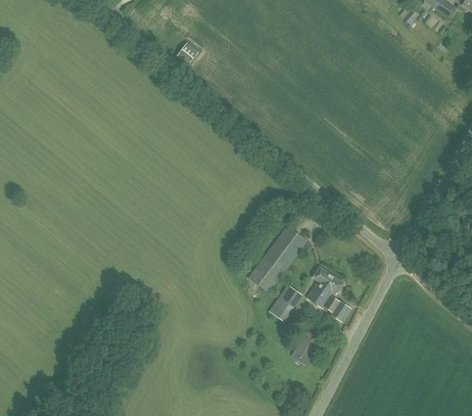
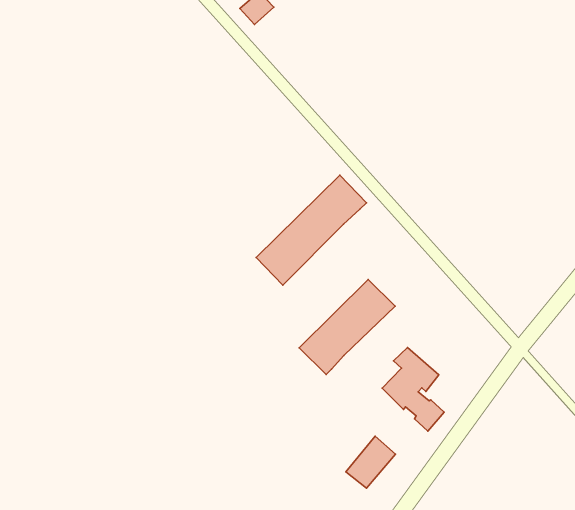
building: none -> [256,175,366,285]
building: [269,284,301,321] -> none

